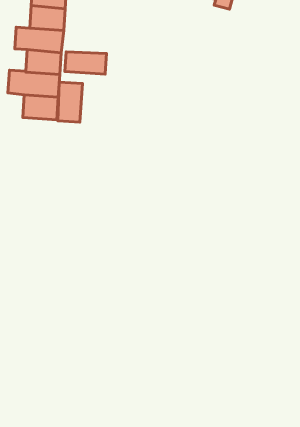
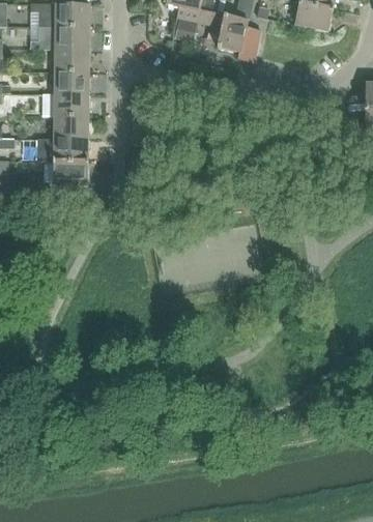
building: [65,52,107,74] -> none
building: [58,82,82,122] -> none

